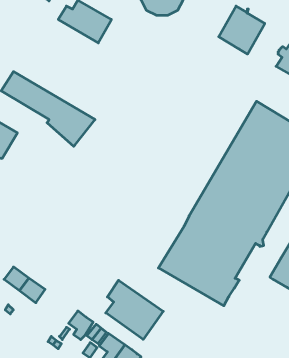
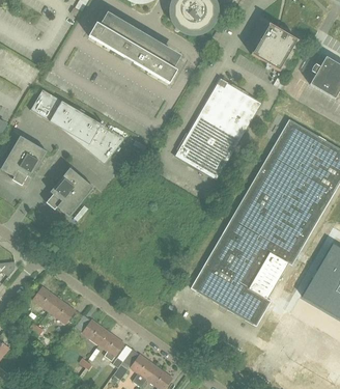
building: none -> [129,35,177,83]
building: none -> [174,78,261,179]
building: none -> [46,167,93,216]
building: [106,280,163,339] -> none
building: none -> [75,313,108,343]

